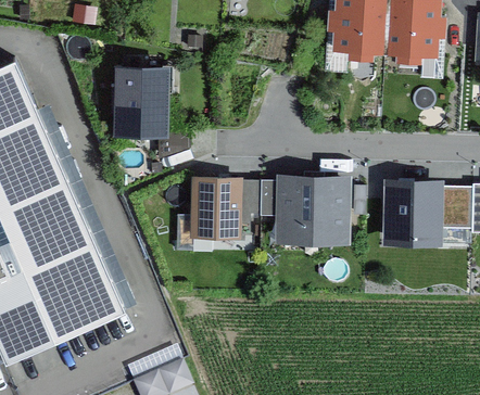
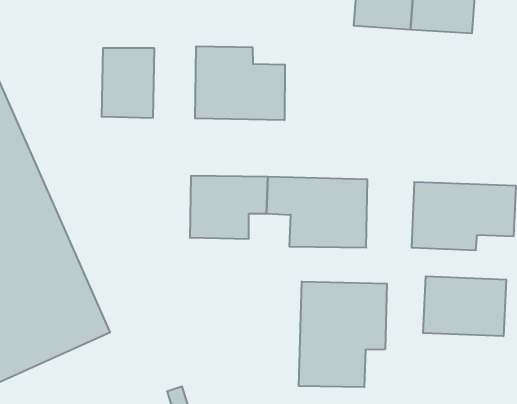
building: none -> [195,46,285,120]
building: none -> [423,276,506,336]
building: none -> [299,281,387,387]

